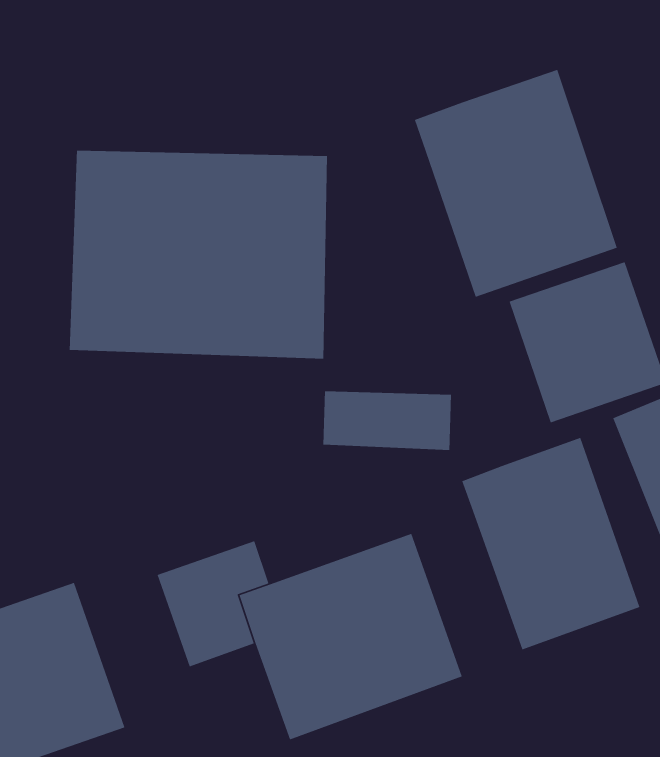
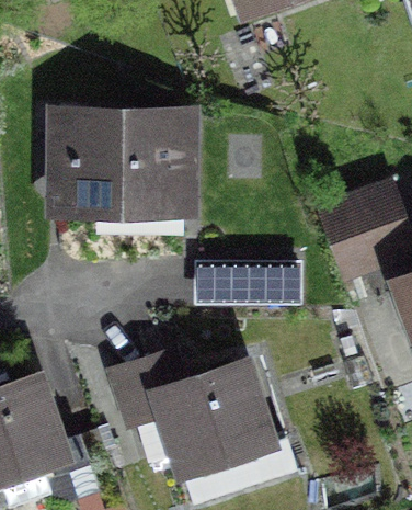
building: [414,69,618,298] -> none
building: [461,437,641,651] -> none

